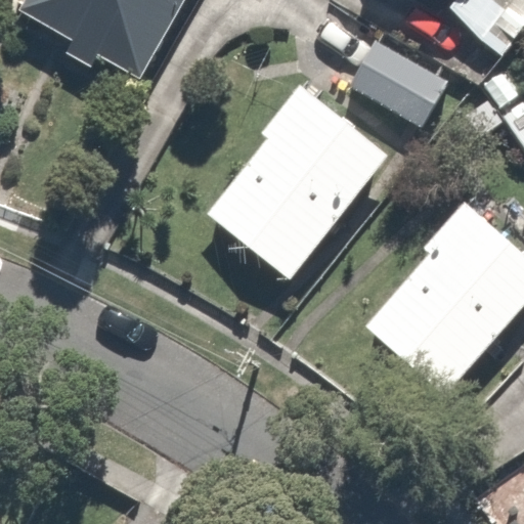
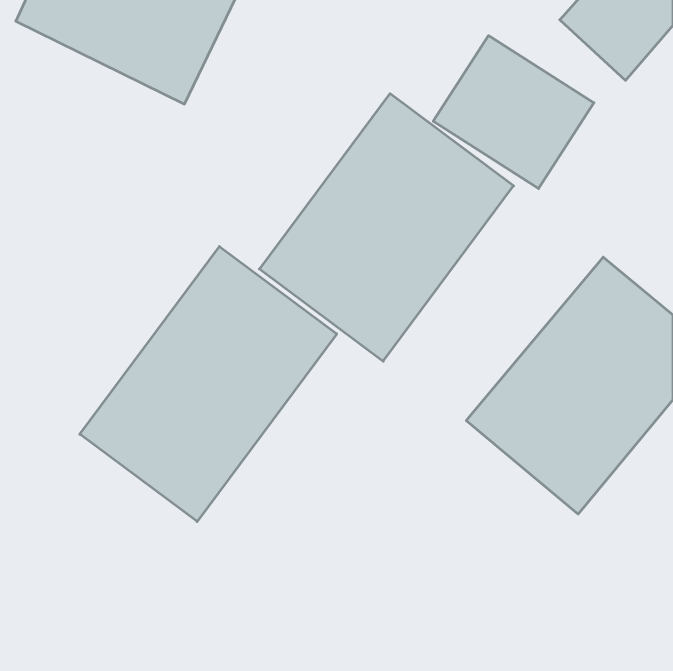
building: none -> [80,246,337,522]

